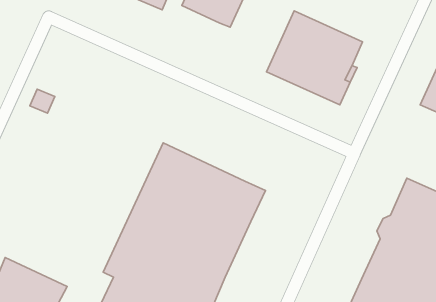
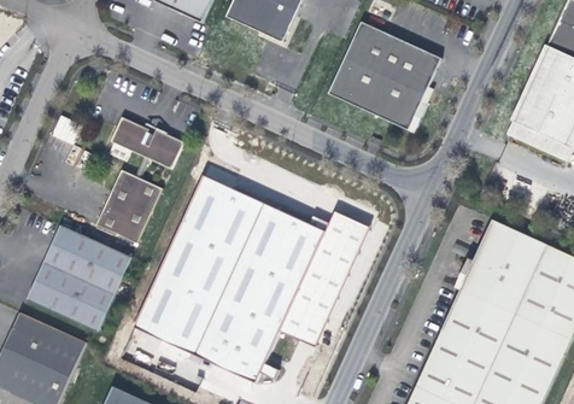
building: none -> [95,115,184,241]
building: none -> [277,212,367,350]
building: none -> [29,223,133,329]

